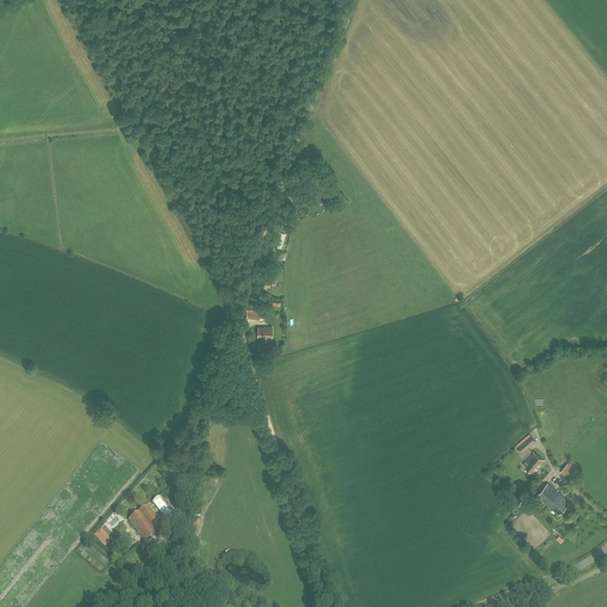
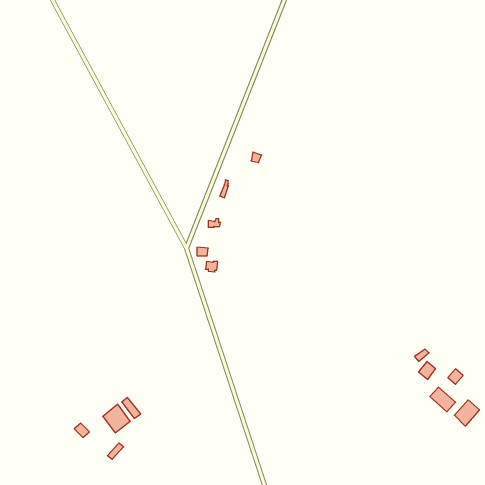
building: none -> [454,400,479,426]

